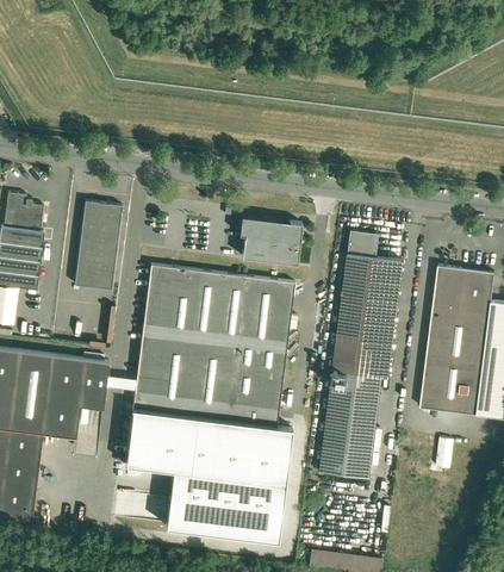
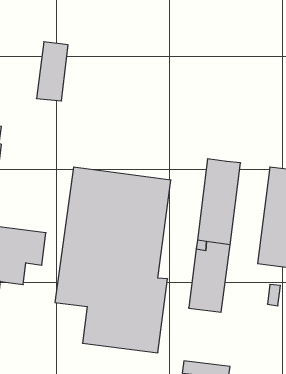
building: [75,203,122,290] -> [36,42,68,101]
building: [239,216,303,263] -> none
building: [347,230,378,256] -> none

